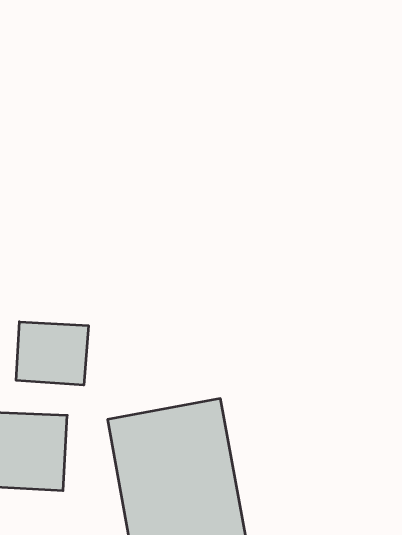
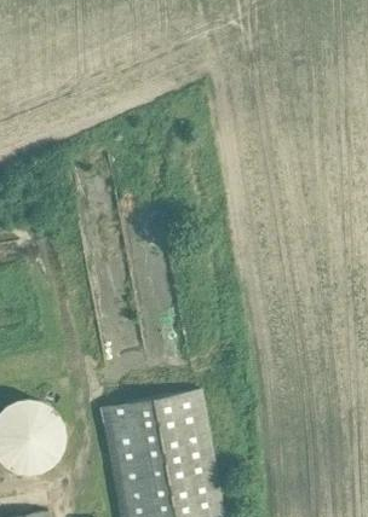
building: [16,322,88,385] -> none

